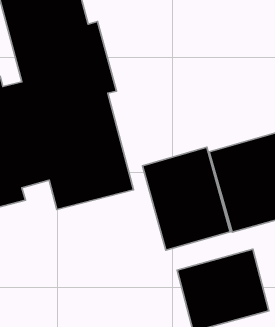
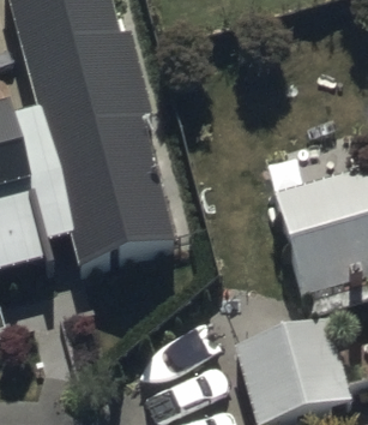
building: [143,147,230,250] -> none

